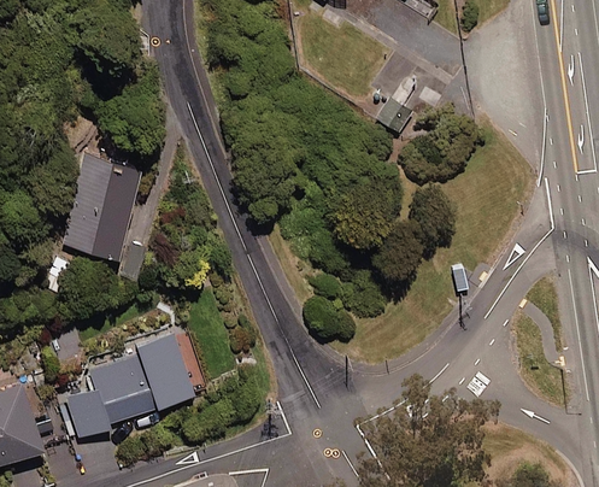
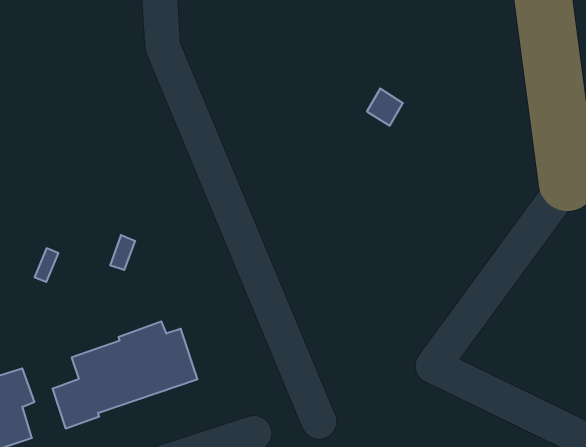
building: [61,158,137,260] -> none

